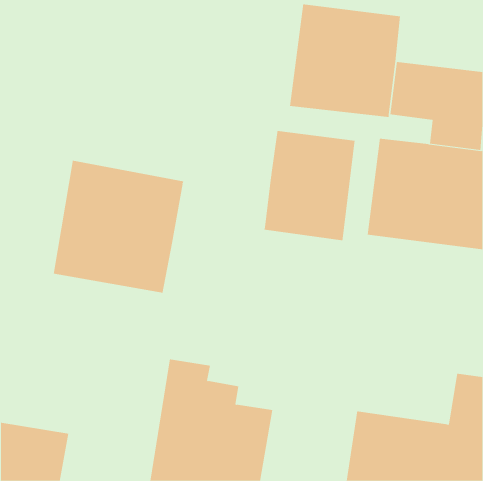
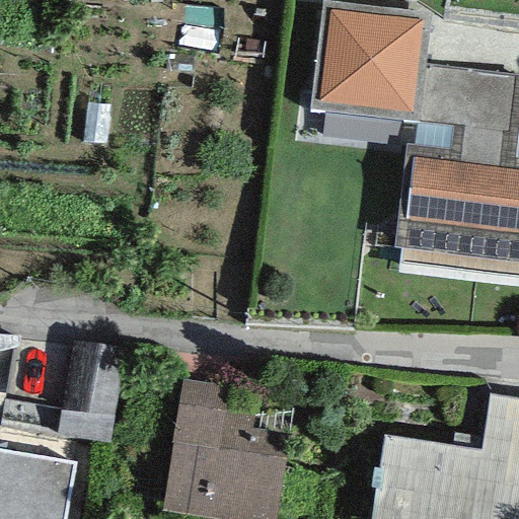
building: [264,130,355,241] -> none
building: [53,160,184,293] -> none
building: none -> [58,344,125,445]

